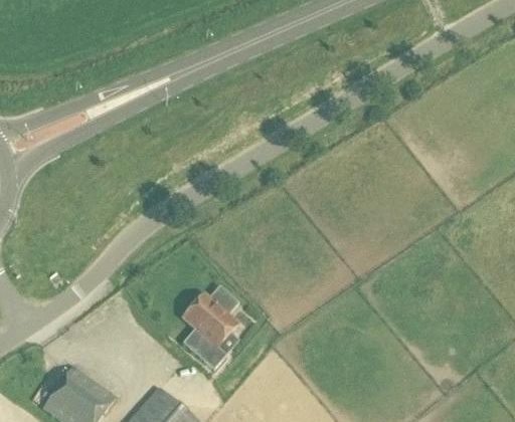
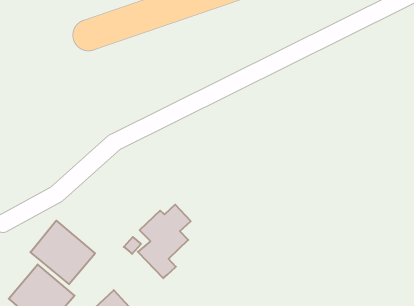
building: none -> [30,221,95,284]

